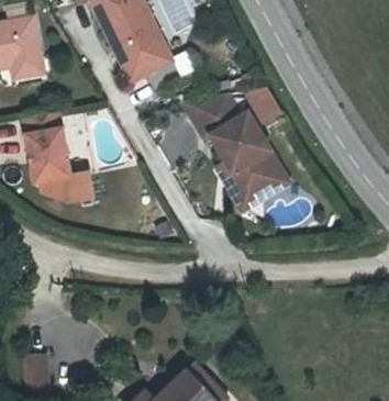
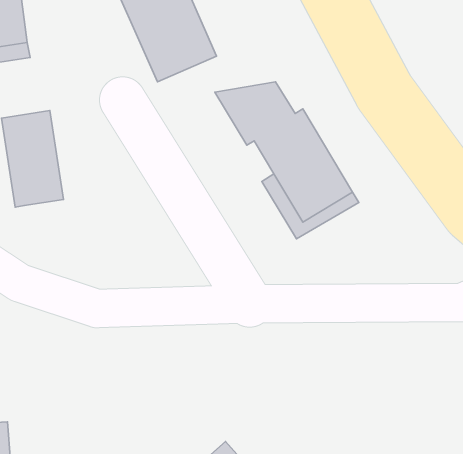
building: [43,176,91,204] -> none

